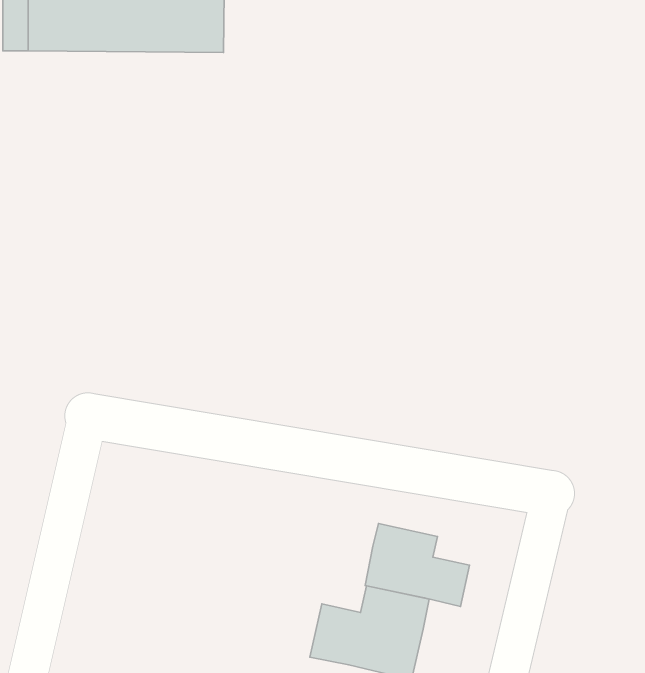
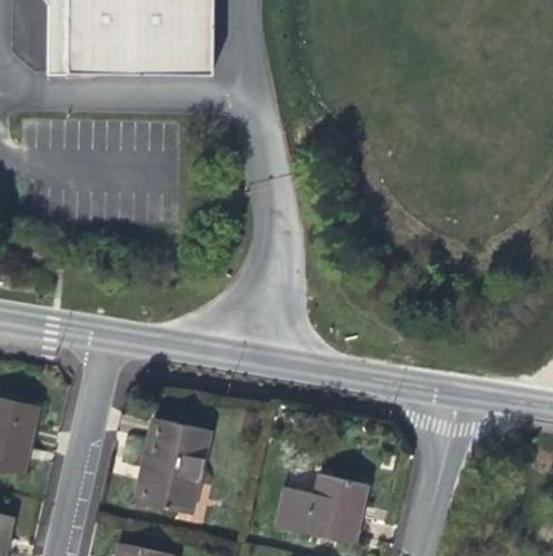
building: none -> [136,417,209,513]
building: [365,523,470,607] -> none

